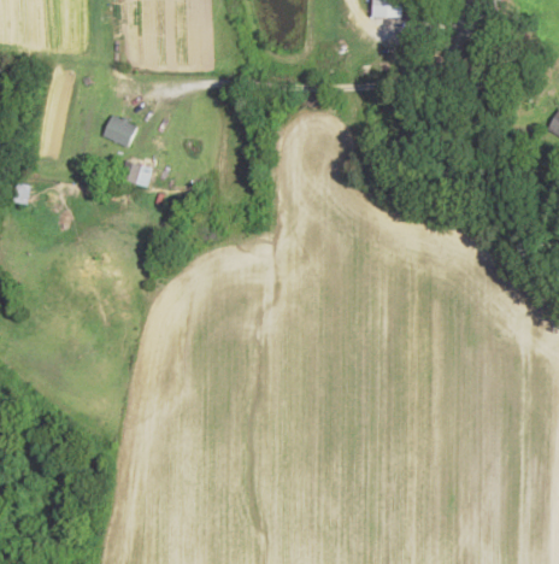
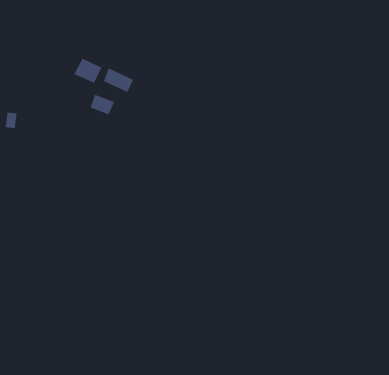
building: none -> [103,67,134,93]

